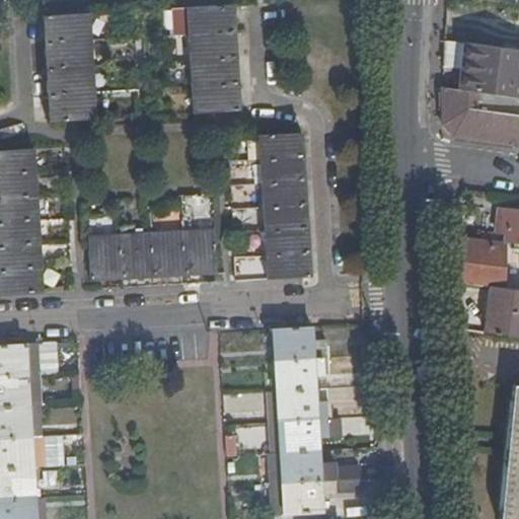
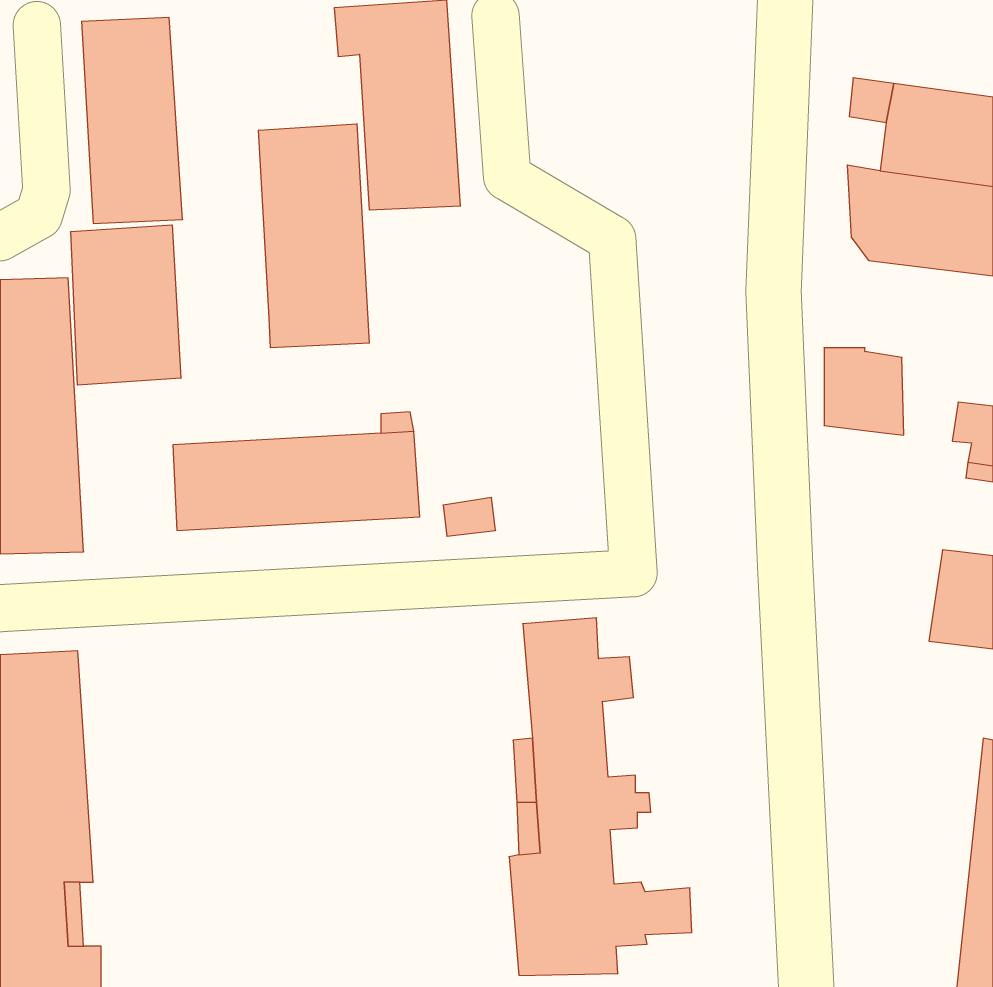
building: none -> [259,124,369,348]
building: none -> [71,225,181,385]
building: [258,133,312,278] -> none
building: [459,245,501,291] -> [824,348,904,435]

